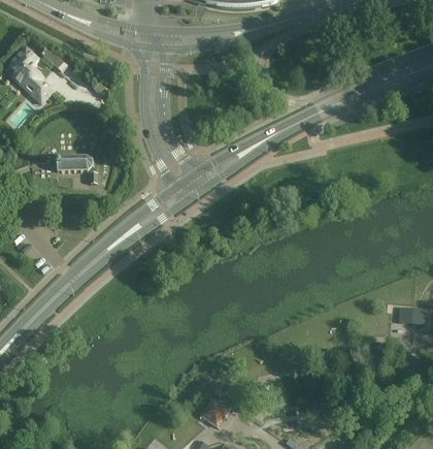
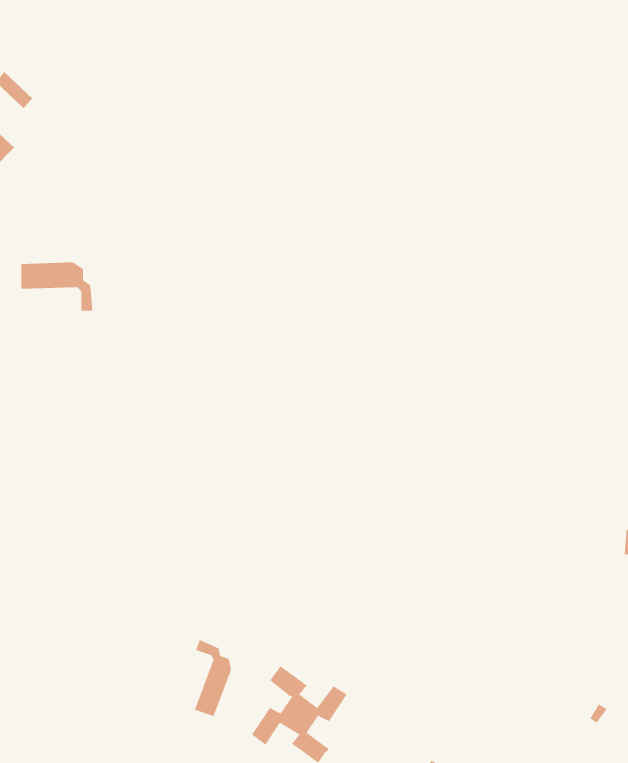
building: none -> [194,639,232,717]

